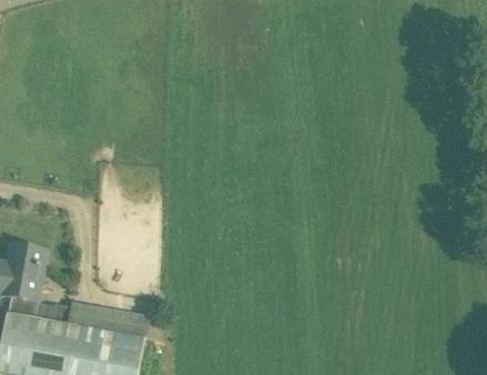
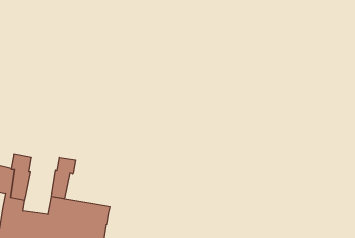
building: none -> [52,157,75,199]

